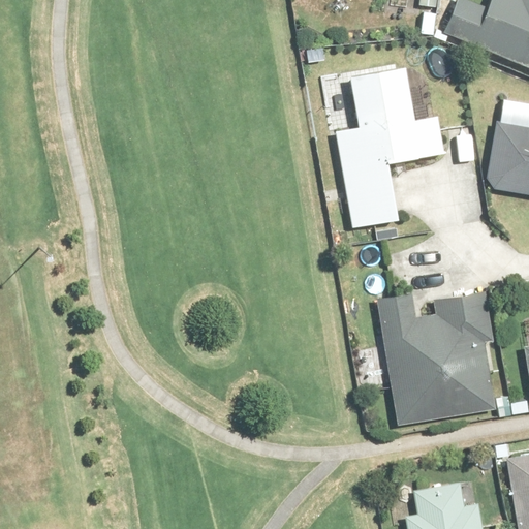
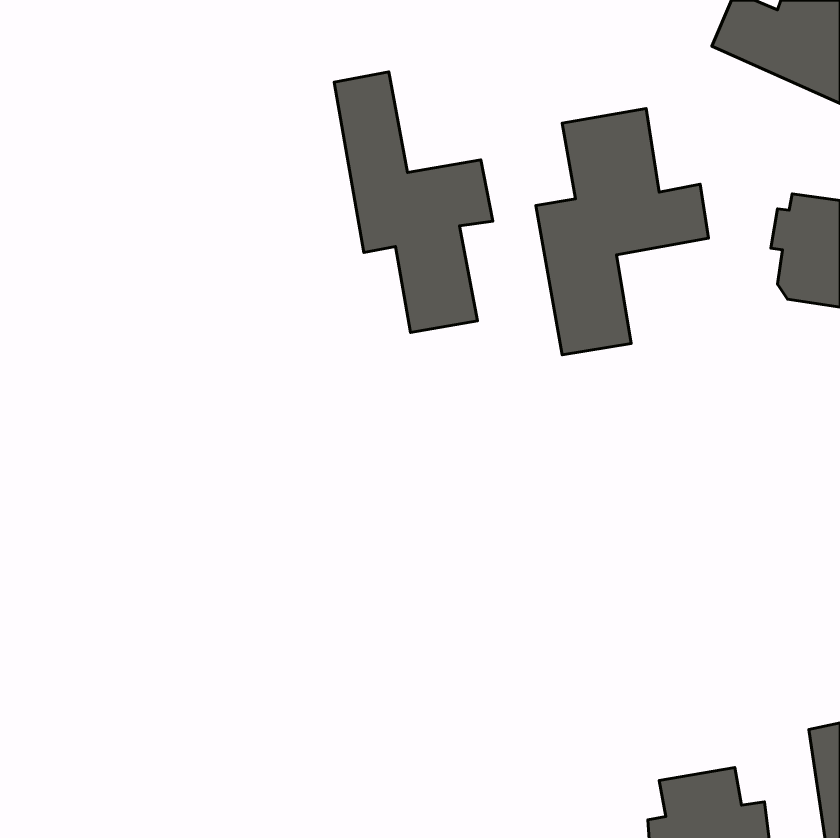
building: none -> [334,72,493,332]
building: [377,292,496,425] -> none

